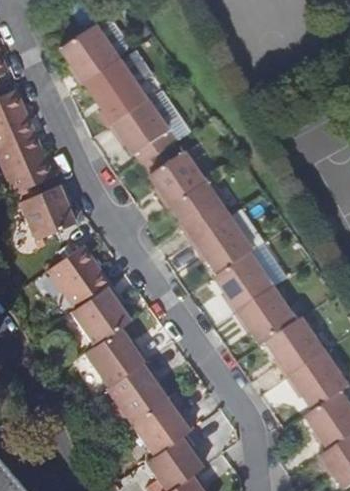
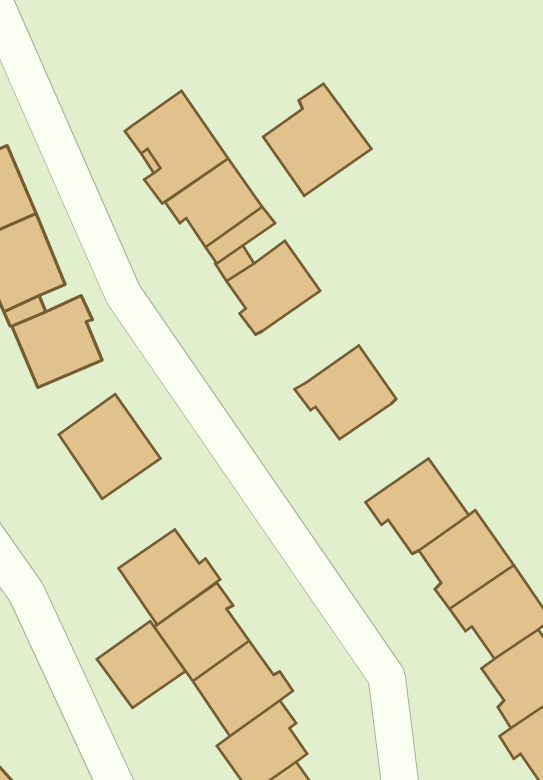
building: [65,26,123,81] -> none
building: none -> [263,84,371,196]
building: [173,183,233,244] -> none
building: [217,253,276,314] -> none
building: [71,287,129,348] -> none
building: none -> [97,621,185,708]

